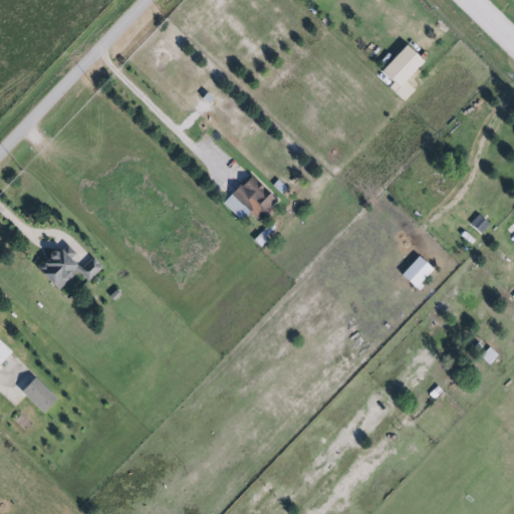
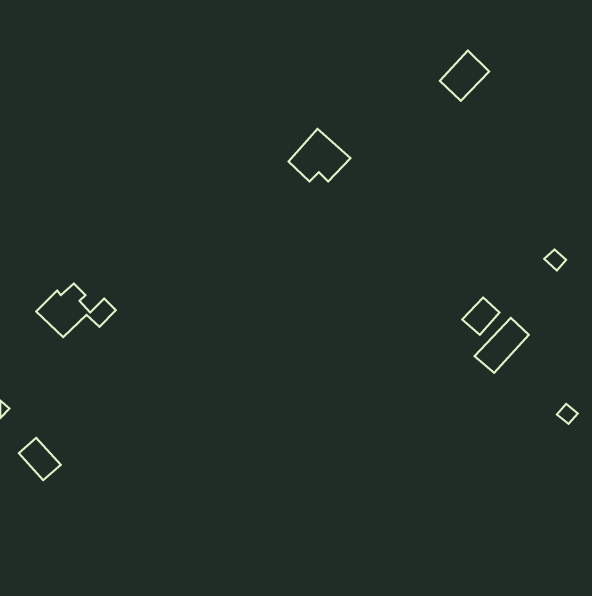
building: [225,174,278,219] -> [288,129,350,181]
building: none -> [475,318,529,373]

